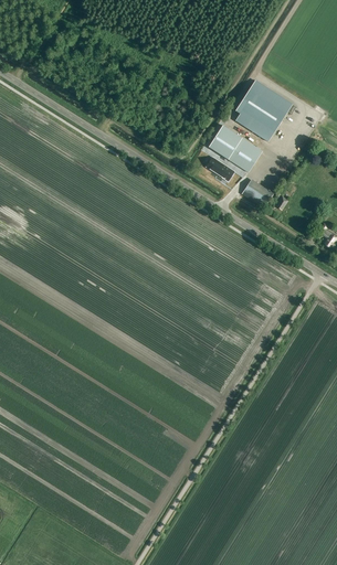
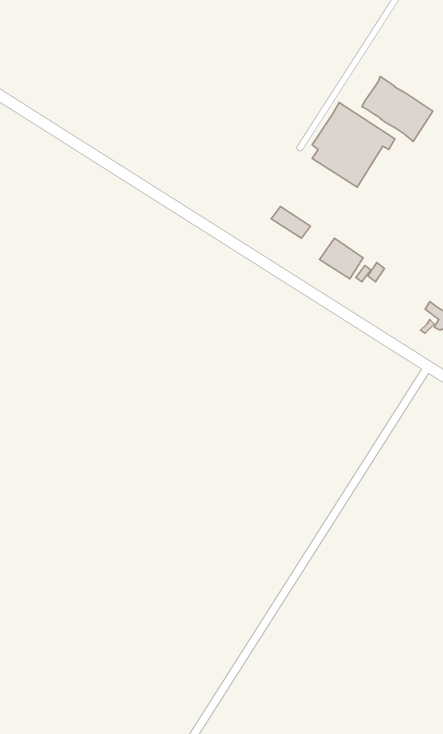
building: [209,125,261,172] -> [362,77,433,141]

